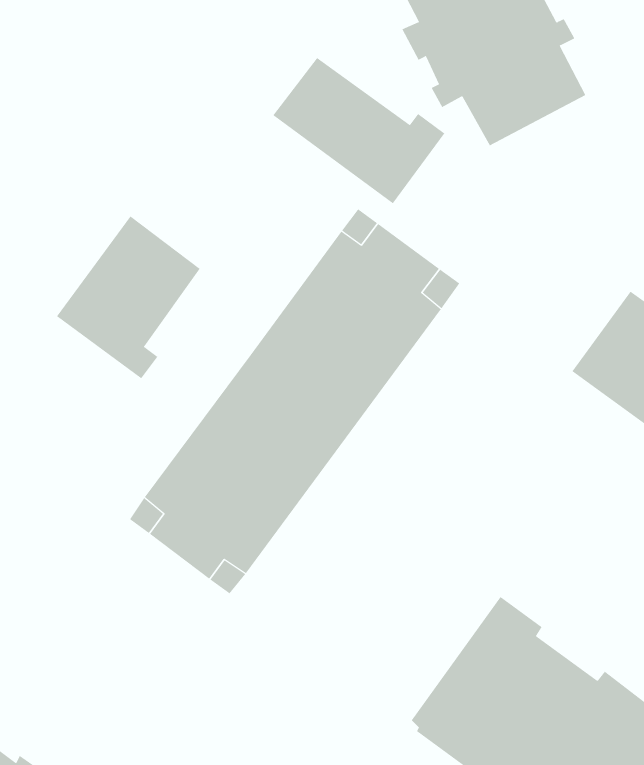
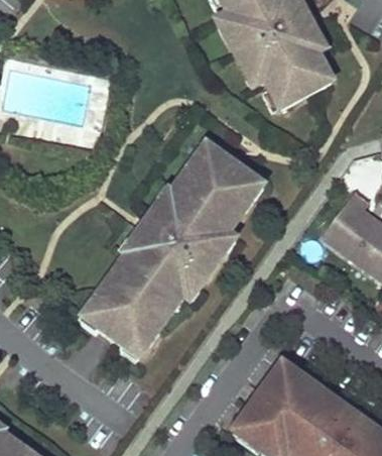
building: [272,57,445,204] -> none
building: [56,216,201,379] -> none

